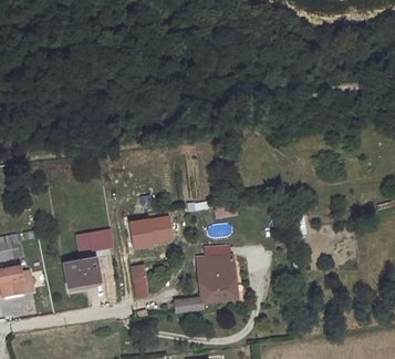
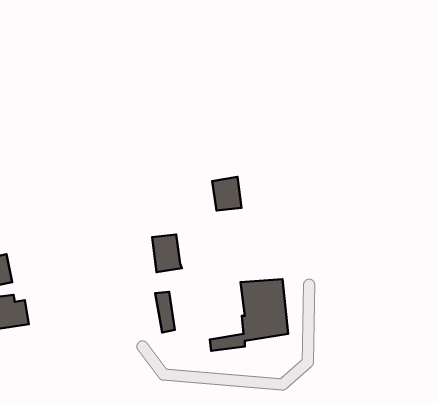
building: [148,216,171,243] -> [212,177,242,210]
building: [76,230,112,252] -> none
building: [62,258,97,288] -> none

